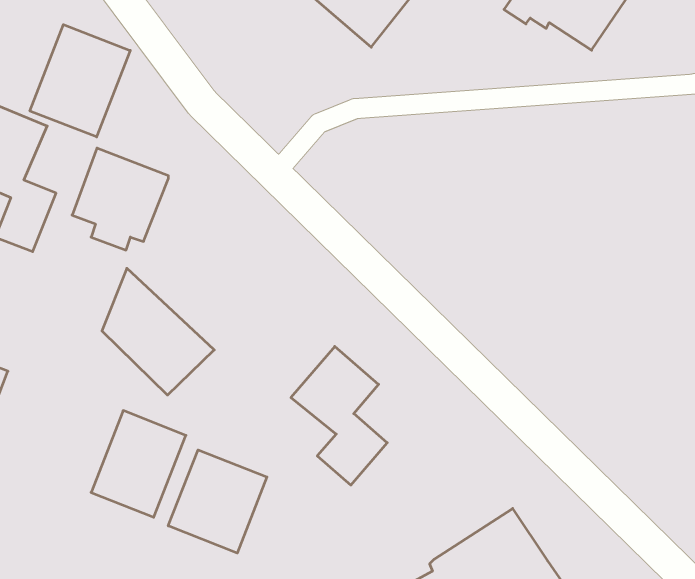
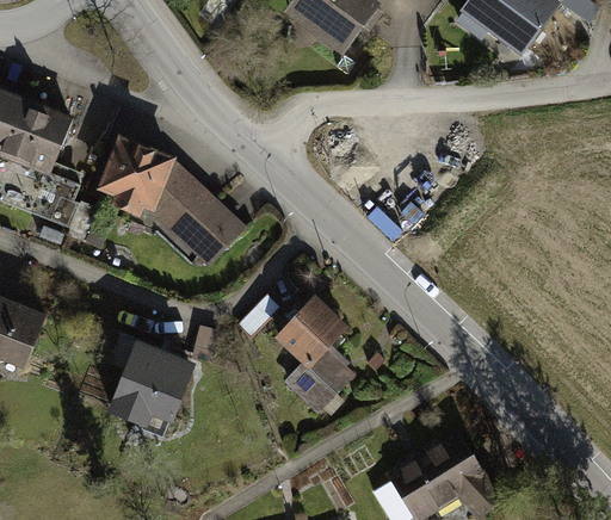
building: [30,25,130,137] -> none
building: [102,268,214,395] -> [155,160,247,264]
building: [168,450,267,553] -> none

